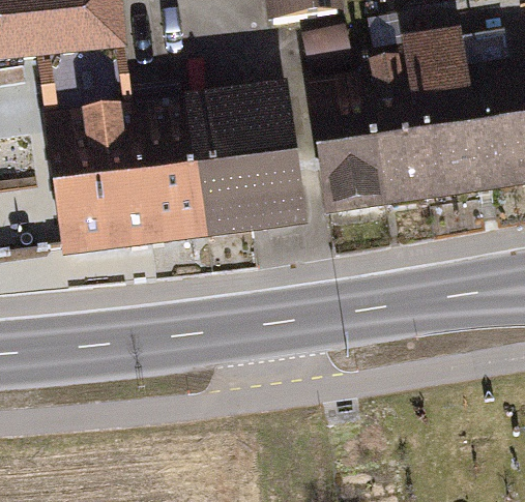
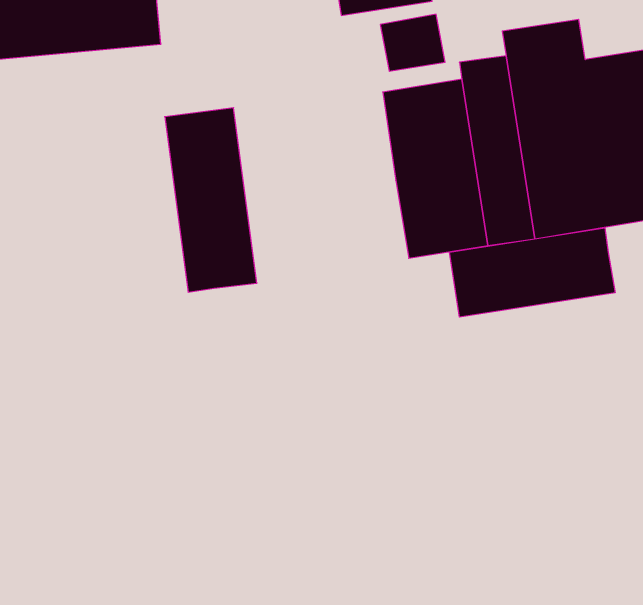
building: [188,83,304,235] -> none
building: [43,102,152,255] -> none
building: none -> [449,228,615,317]

